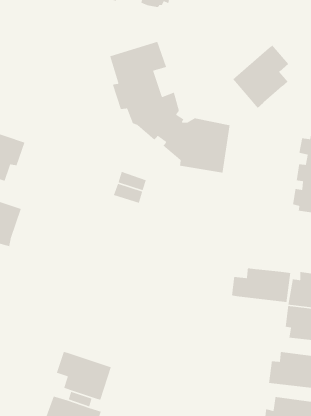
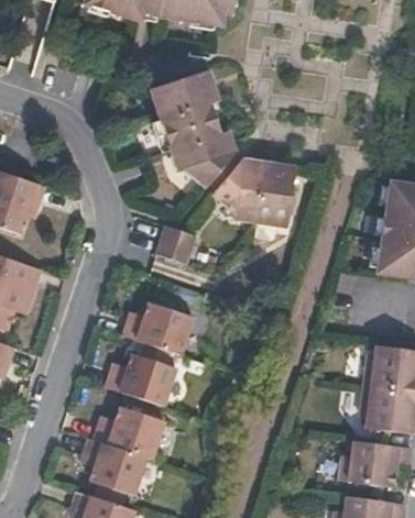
building: [232,45,289,109] -> none
building: none -> [109,305,195,407]
building: [231,268,291,303] -> none
building: none -> [97,408,168,461]

